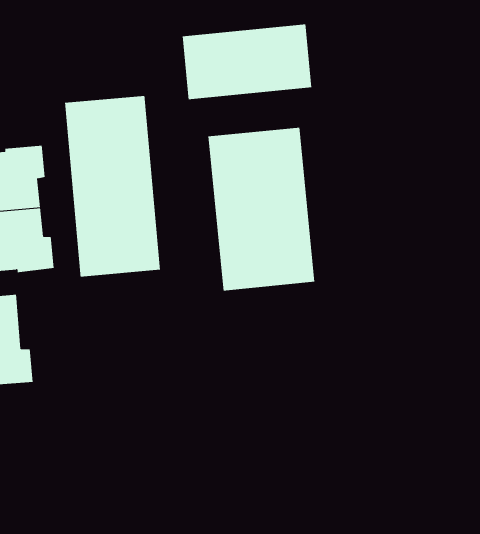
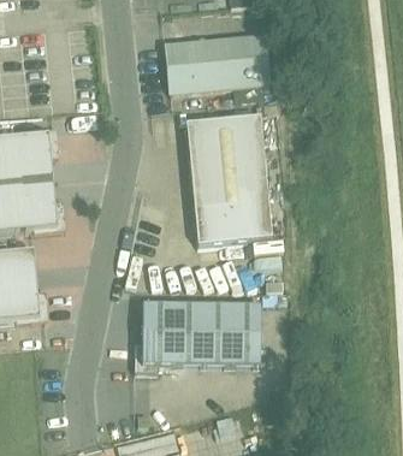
building: [65,95,161,277] -> none
building: none -> [135,302,260,372]

